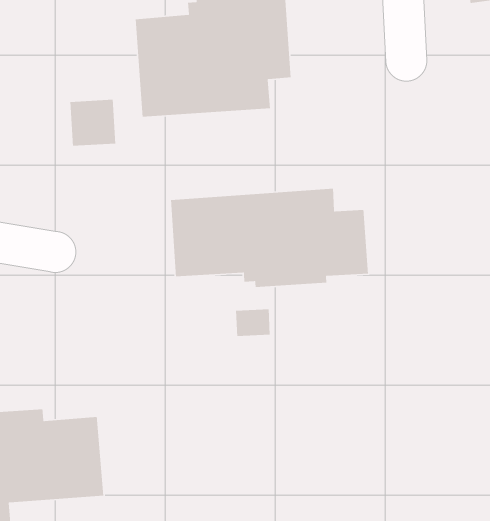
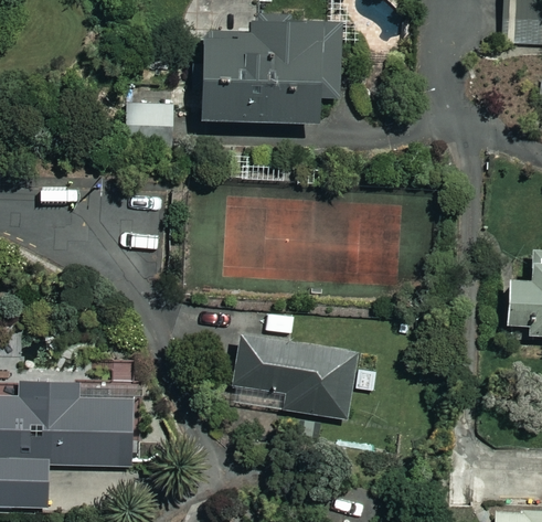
building: [170,188,369,288] -> none
building: none -> [238,330,380,420]

